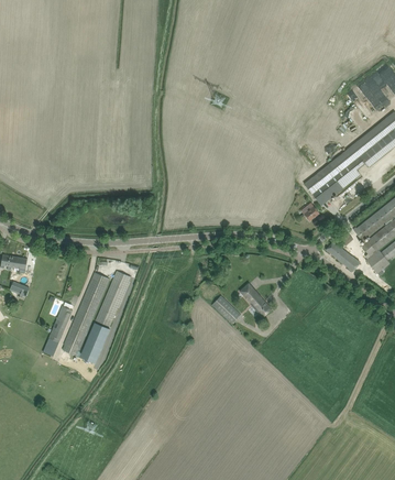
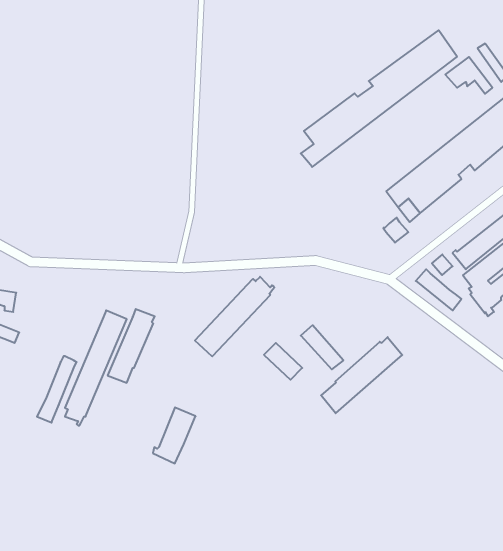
building: none -> [301,30,457,167]
building: none -> [195,277,274,356]
building: none -> [321,337,402,413]
building: [78,323,110,364] -> [153,407,196,463]

